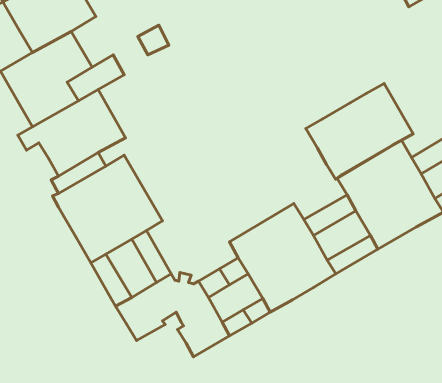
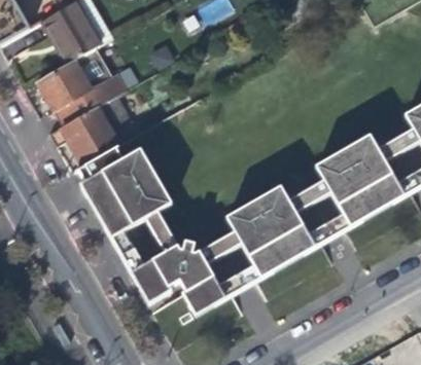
building: [306,83,413,179] -> none

